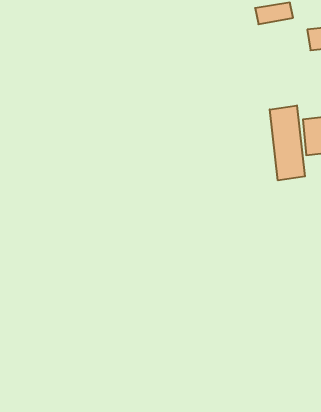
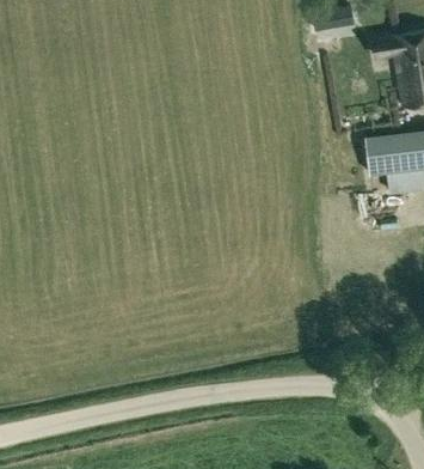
building: [270,105,305,180] -> none

